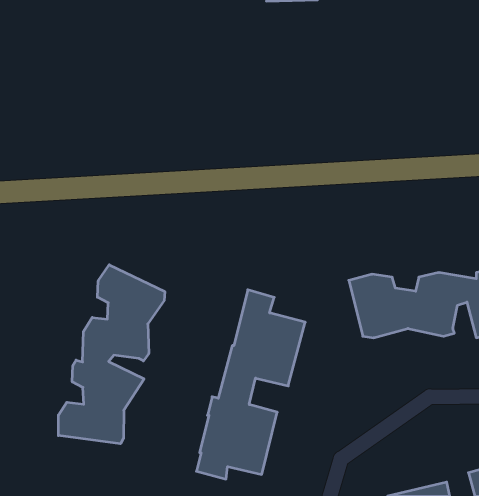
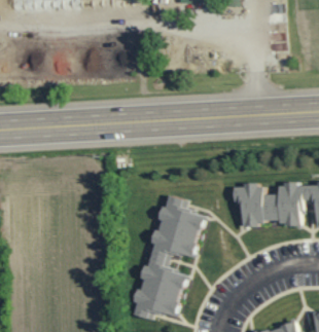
building: [58,265,165,444] -> none

